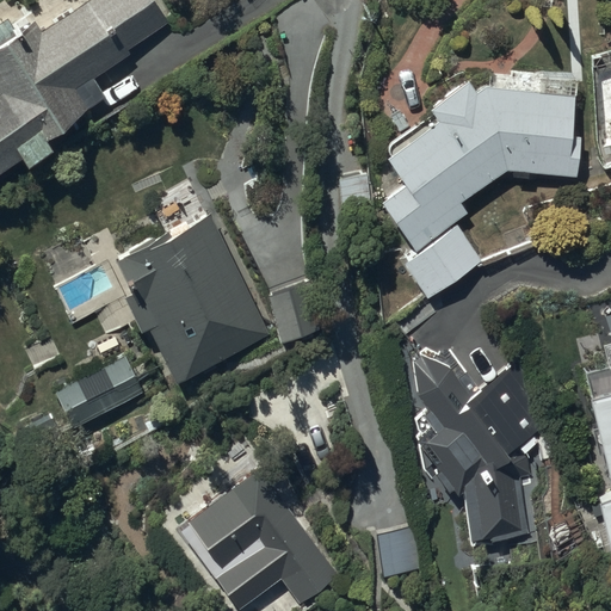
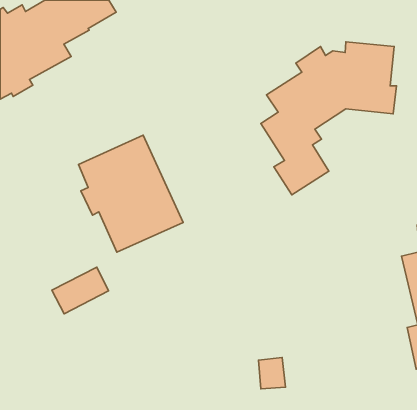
building: [60,357,142,425] -> [52,267,108,314]
building: [414,359,543,544] -> none
building: [186,471,335,605] -> none

